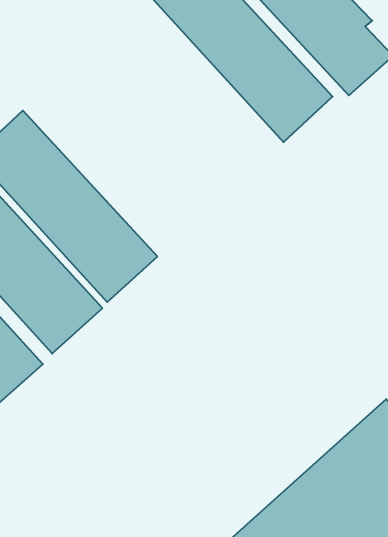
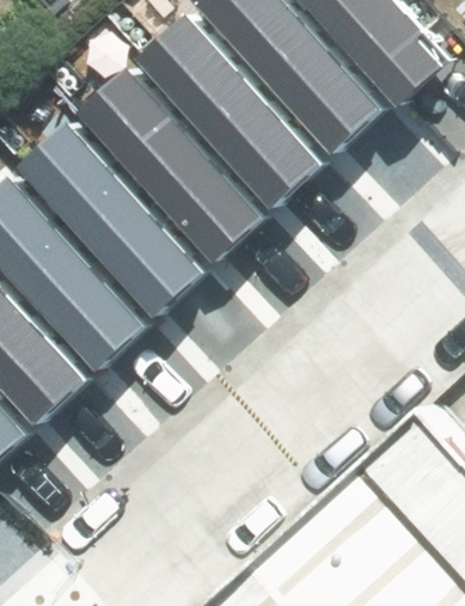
building: none -> [134,16,322,210]
building: none -> [74,67,262,262]

